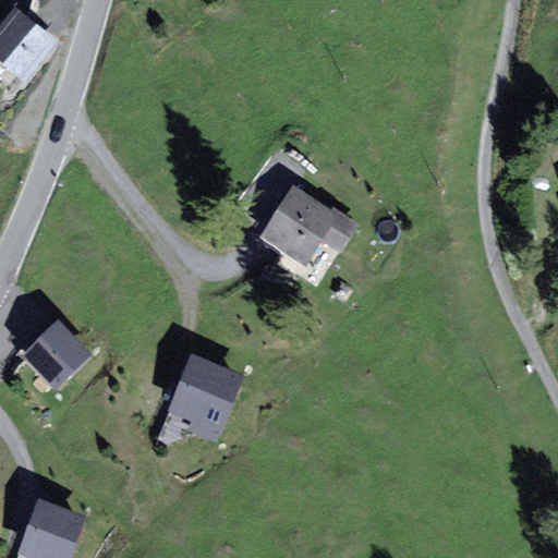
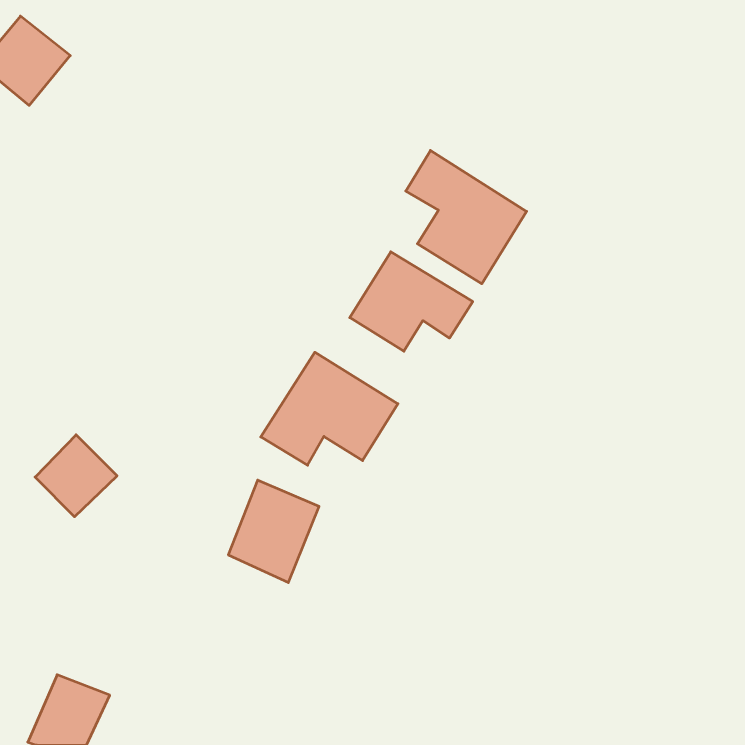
building: none -> [406,150,527,284]
building: none -> [261,352,398,465]

